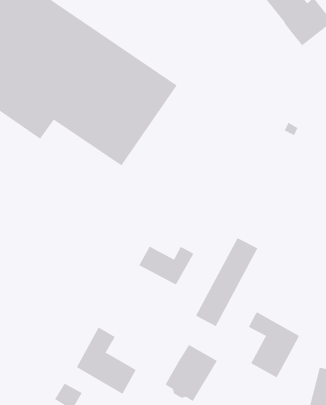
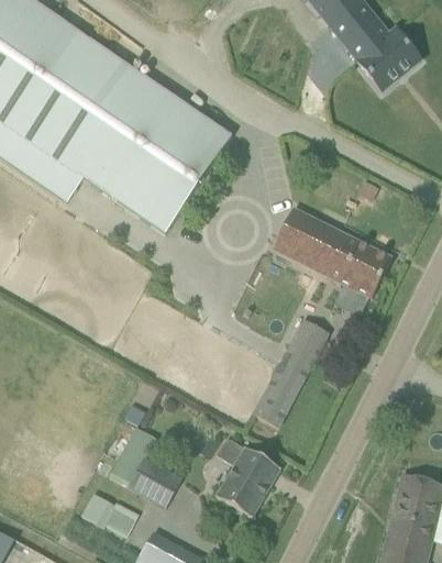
building: none -> [274,207,391,296]
building: [139,246,194,285] -> none
building: [248,311,300,378] -> none

